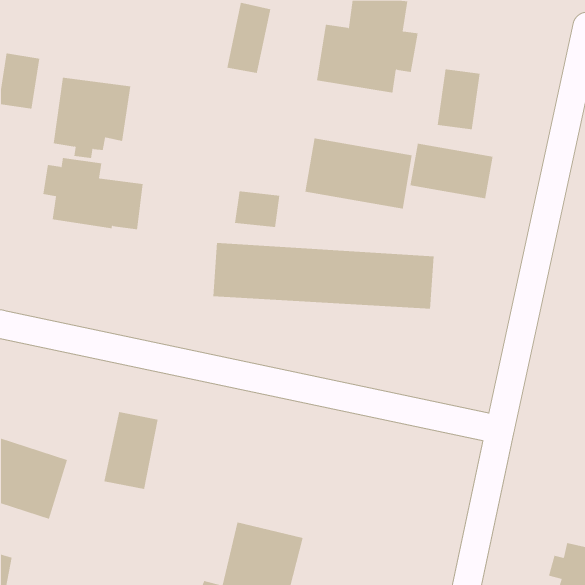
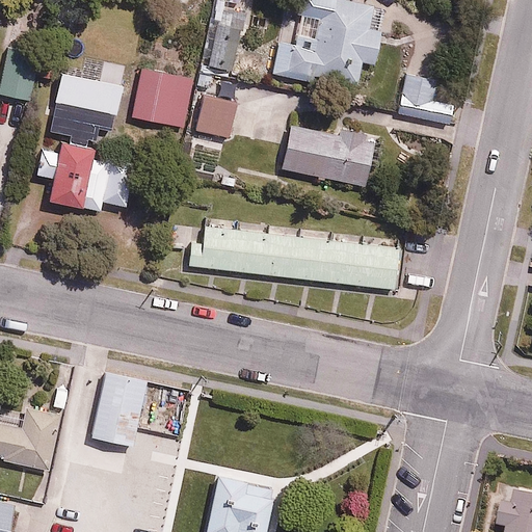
building: none -> [131,69,191,127]
building: [410,143,493,199] -> none
building: [234,191,280,228] -> [196,100,238,133]

